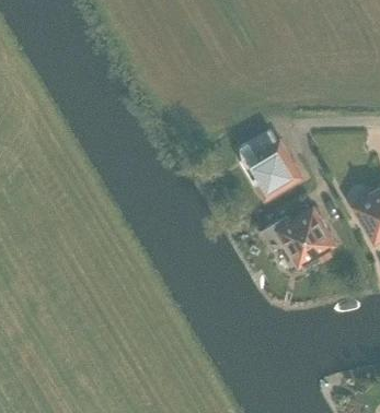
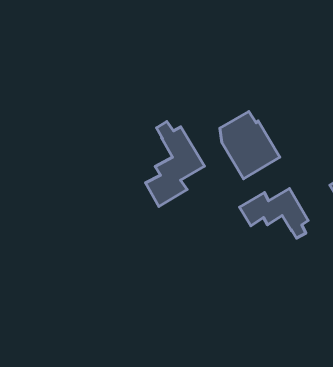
building: none -> [145,121,205,206]

